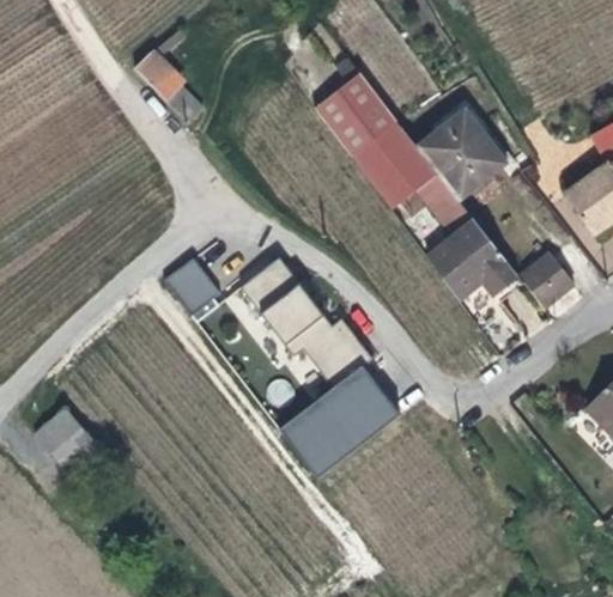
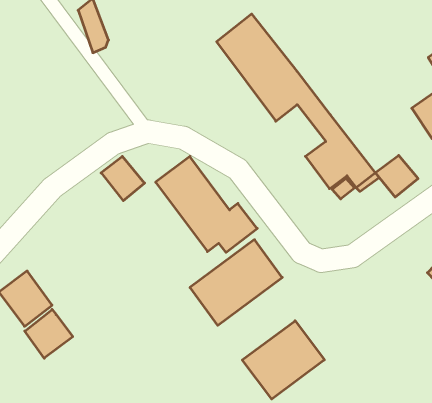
building: [418,108,510,202] -> none
building: none -> [25,309,73,358]
building: none -> [242,321,324,399]

